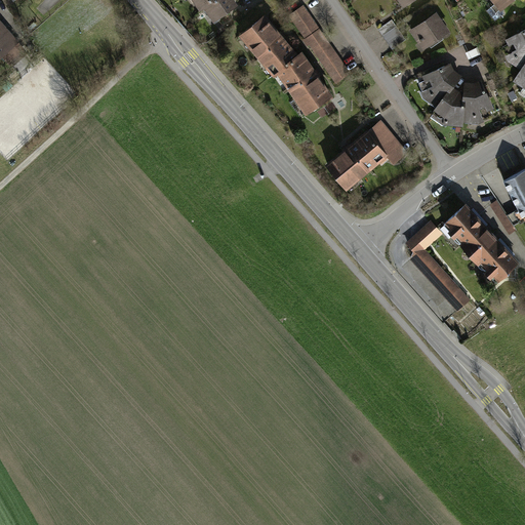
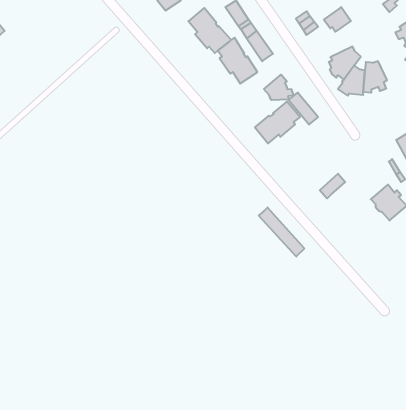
building: none -> [264,75,294,100]
building: [440,205,493,254] -> none
building: [411,248,469,310] -> [259,207,304,257]

